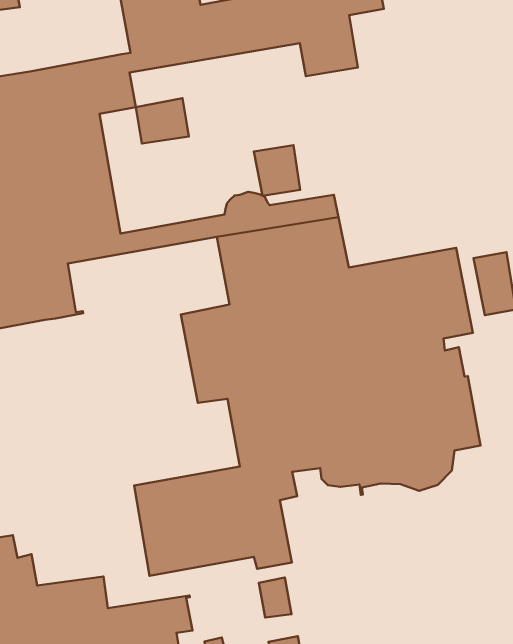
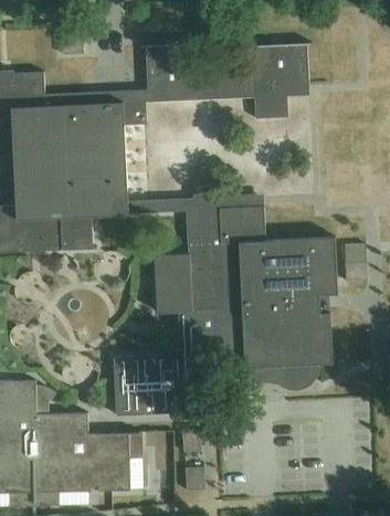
building: [136,98,189,144] -> none
building: [254,145,300,196] -> none

